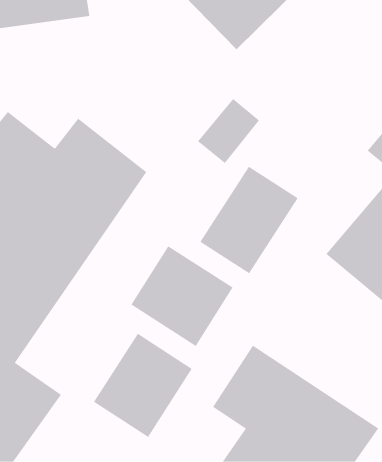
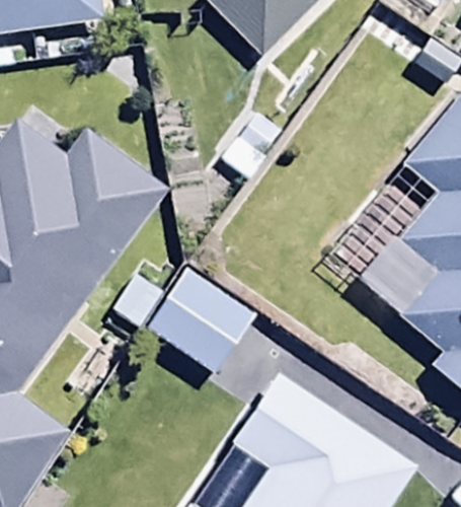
building: [199,166,299,274] -> none
building: [93,333,193,438] -> none

